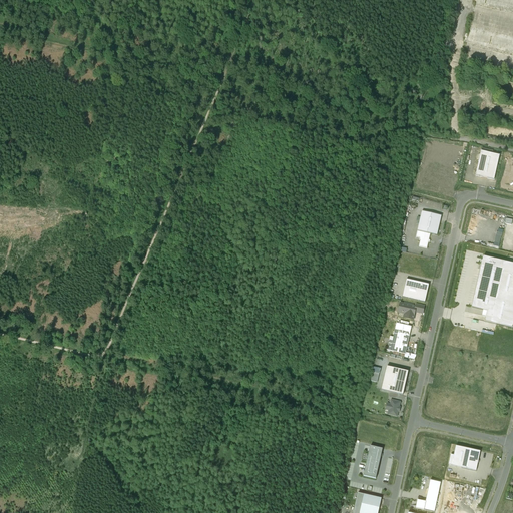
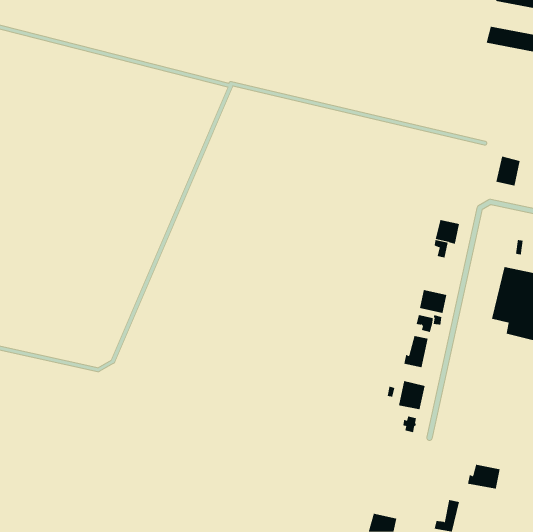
building: [365,445,384,477] -> none

